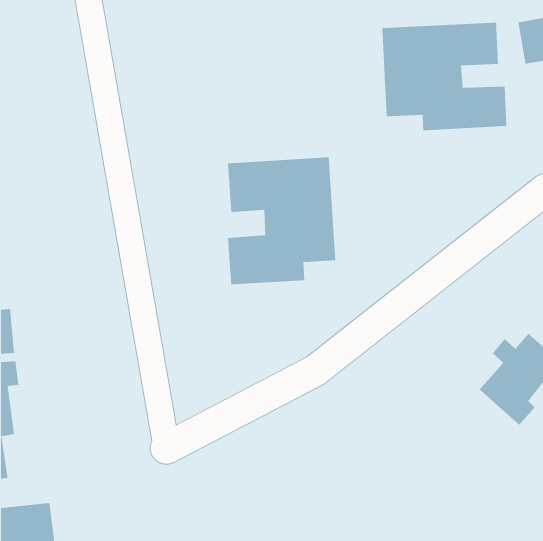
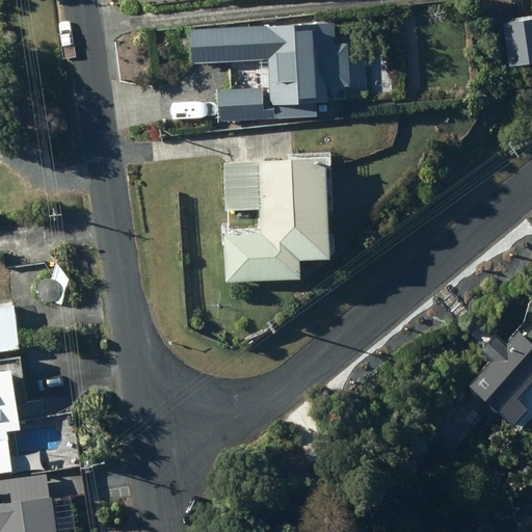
building: none -> [190,23,349,119]
building: [382,22,507,131] -> none

